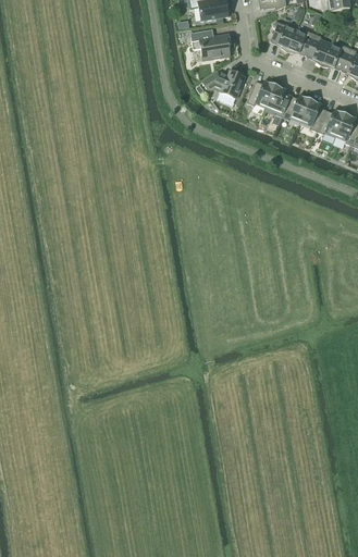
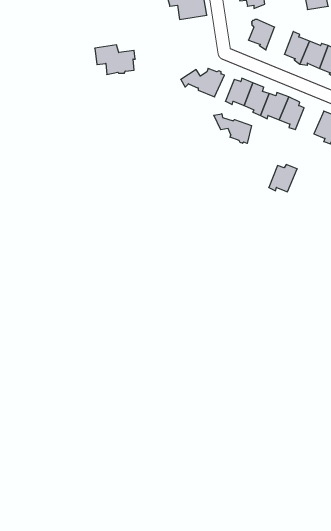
building: [288,29,316,57] -> none
building: [192,30,232,60] -> [95,45,135,74]
building: [318,109,346,136] -> [269,165,297,192]
building: none -> [214,114,252,143]

